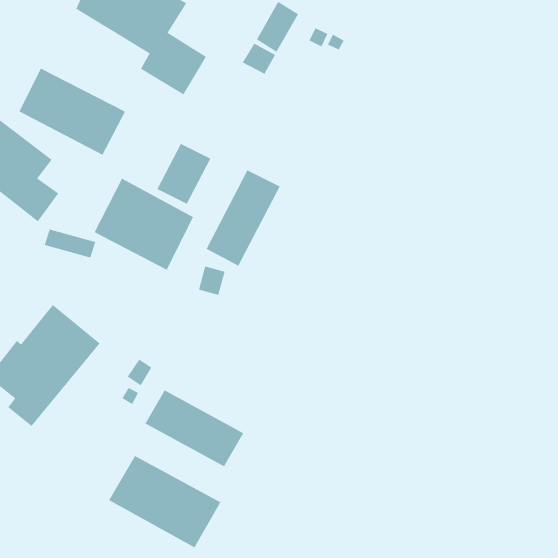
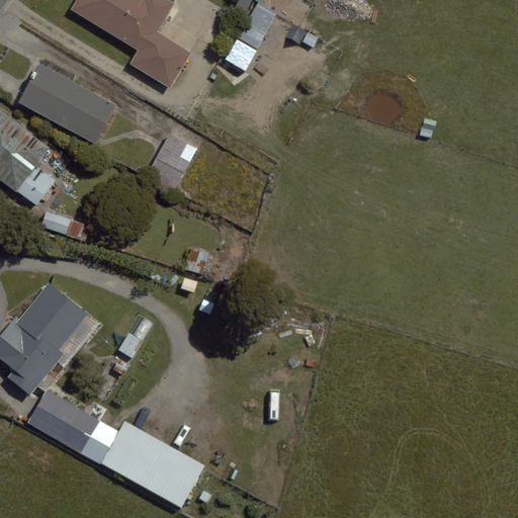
building: [206,169,281,267] -> none
building: [94,178,194,271] -> none
building: [145,389,244,467] -> [25,390,117,461]

